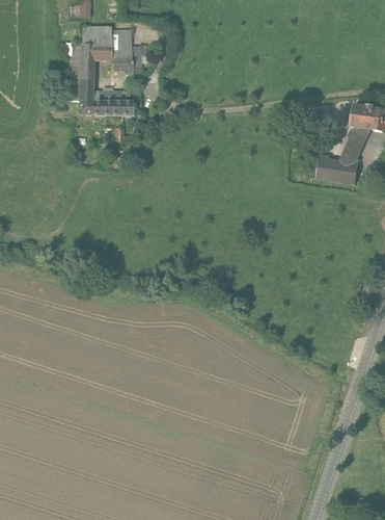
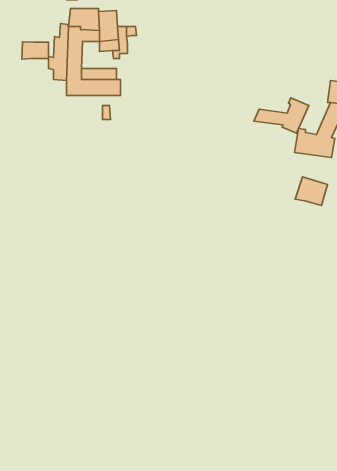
building: none -> [22,42,48,59]
building: none -> [254,98,309,133]
building: none -> [295,177,327,206]

